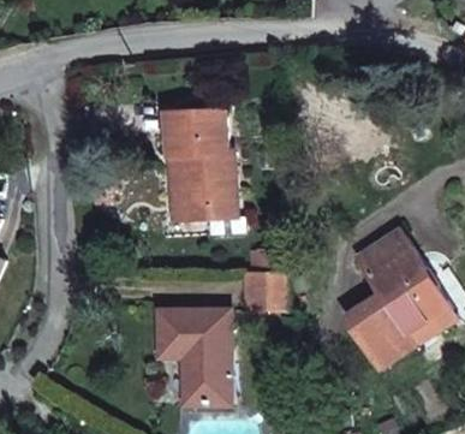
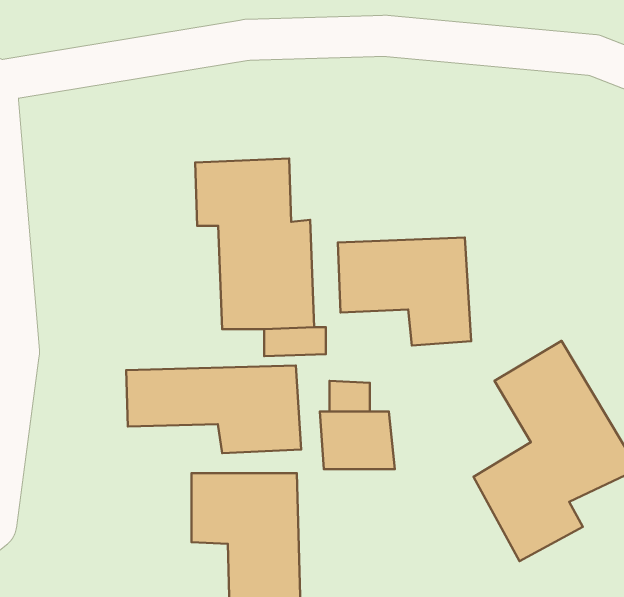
building: none -> [338,238,471,345]
building: none -> [126,366,301,453]

